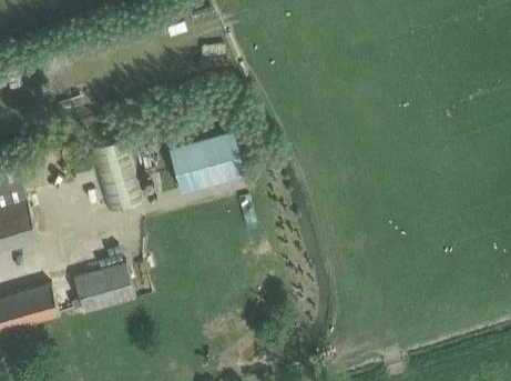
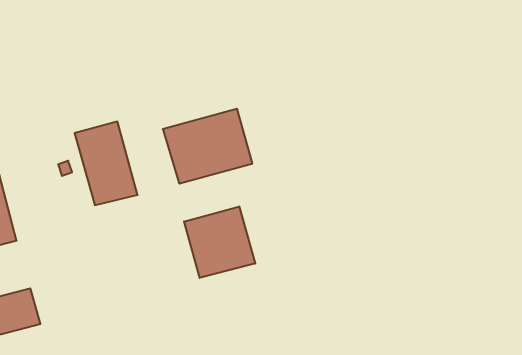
building: none -> [184,206,255,278]
building: [72,263,134,314] -> none

